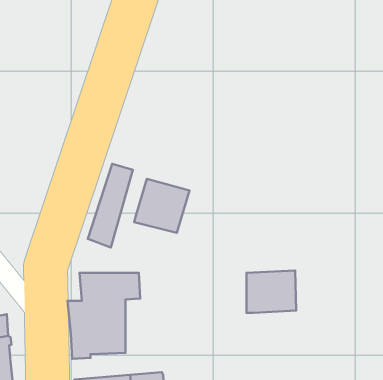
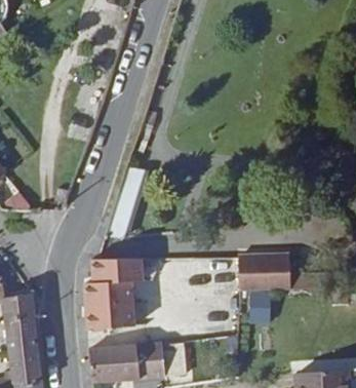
building: [134,179,189,233] -> none

